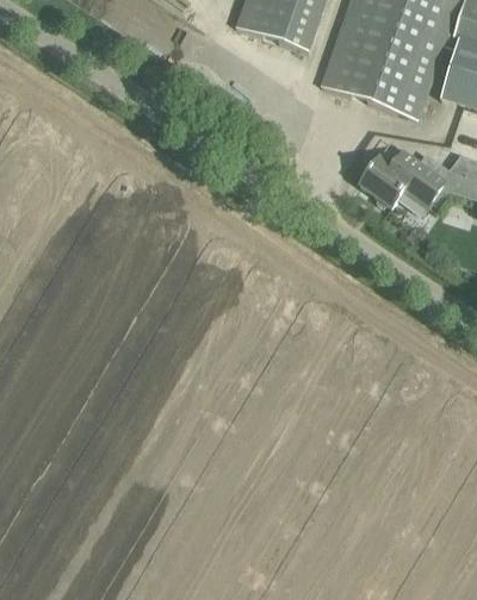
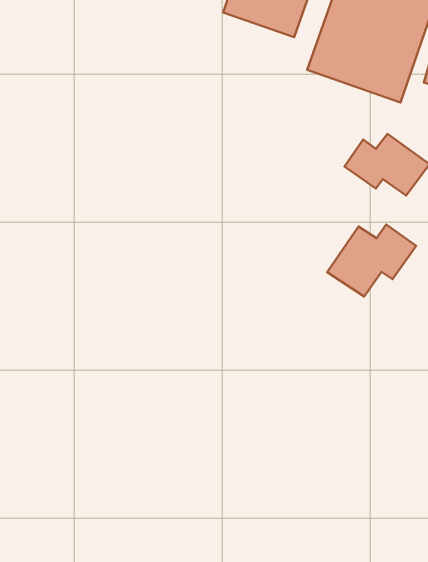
building: none -> [327,224,416,297]

